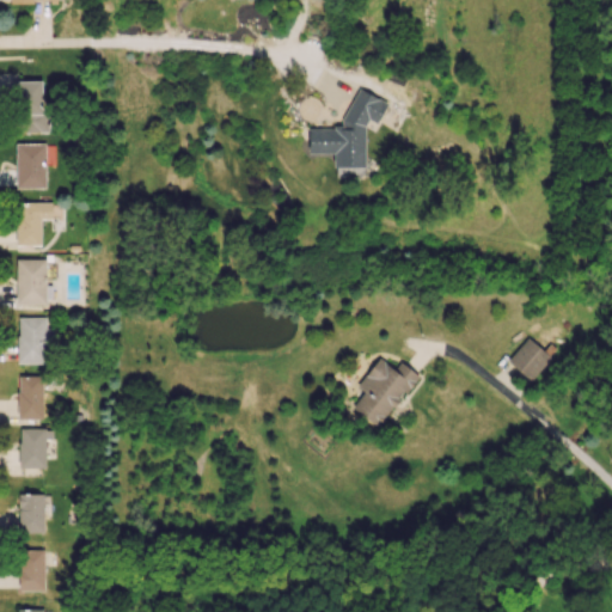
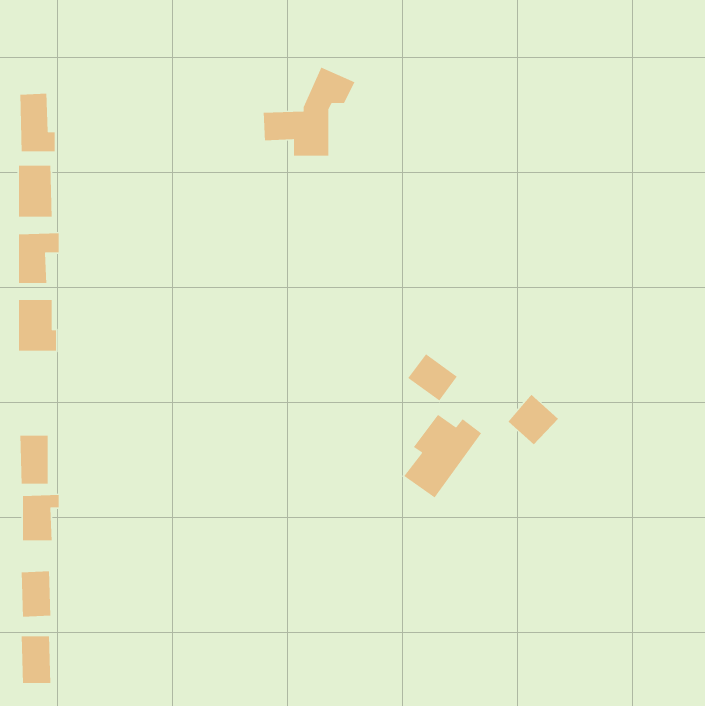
building: [310,90,390,167] -> [263,67,356,157]
building: none -> [407,353,458,401]
building: [19,318,55,365] -> none
building: [509,337,553,381] -> [508,394,559,445]

